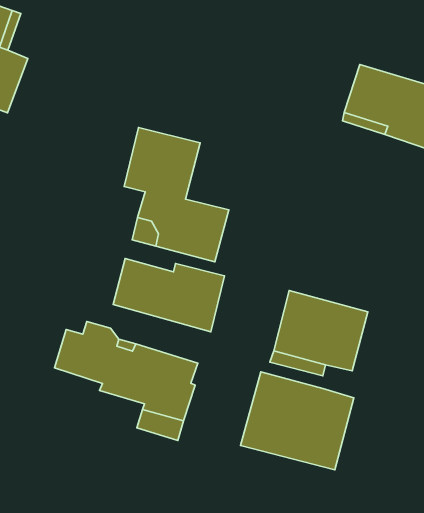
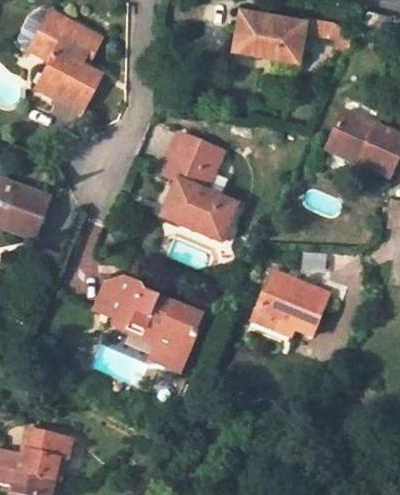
building: [113,259,225,332] -> none
building: [241,372,354,470] -> none

